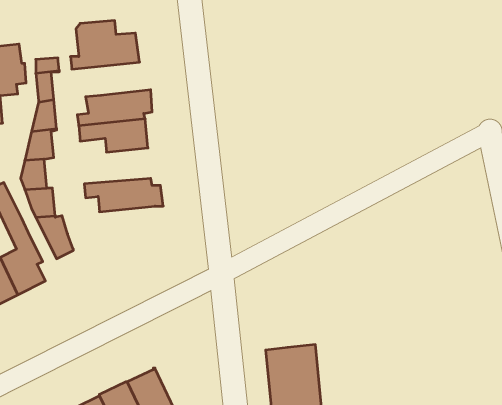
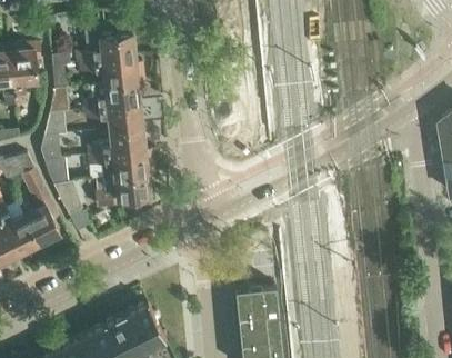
building: none -> [80,59,143,86]
building: none -> [89,128,143,157]
building: none -> [94,175,149,209]

